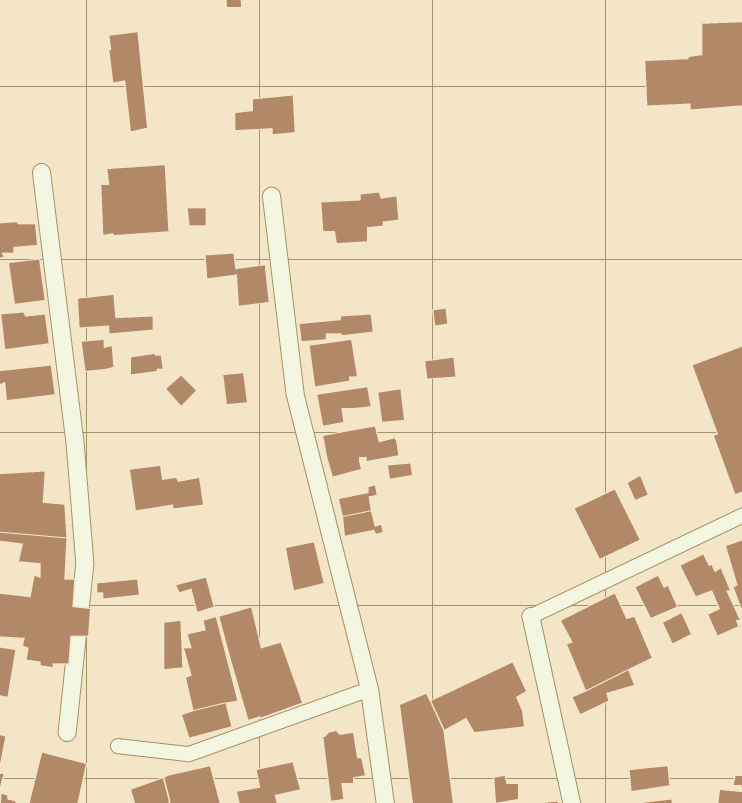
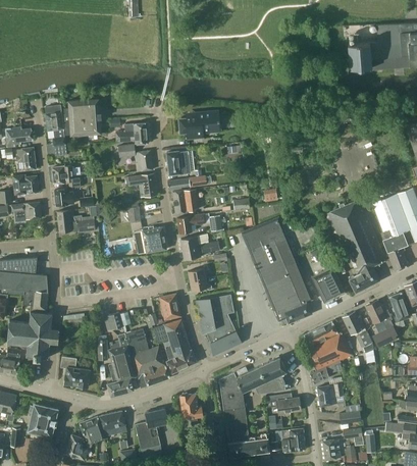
building: [109,32,148,132] -> [45,104,65,156]
building: [234,95,295,134] -> [115,122,147,143]
building: none -> [166,151,190,174]
building: none -> [124,173,155,197]
building: none -> [324,200,384,293]
building: none -> [241,216,313,323]
building: none -> [142,226,166,253]
building: [129,466,204,511] -> [56,209,95,232]
building: none -> [196,294,241,354]
building: none -> [152,318,196,373]
building: none -> [60,356,90,386]
building: none -> [316,382,343,406]
building: none -> [265,393,301,414]

